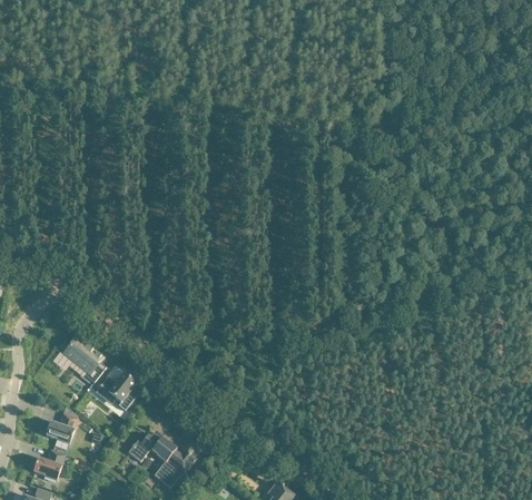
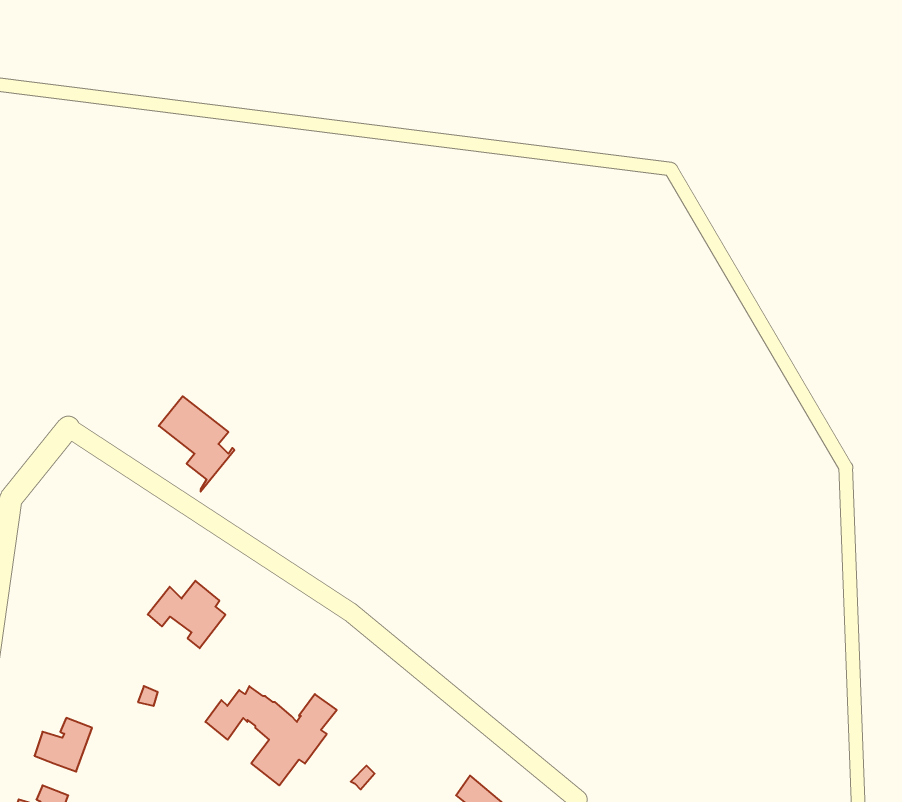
building: [63,337,106,391] -> [159,396,234,492]
building: [46,405,78,444] -> none

